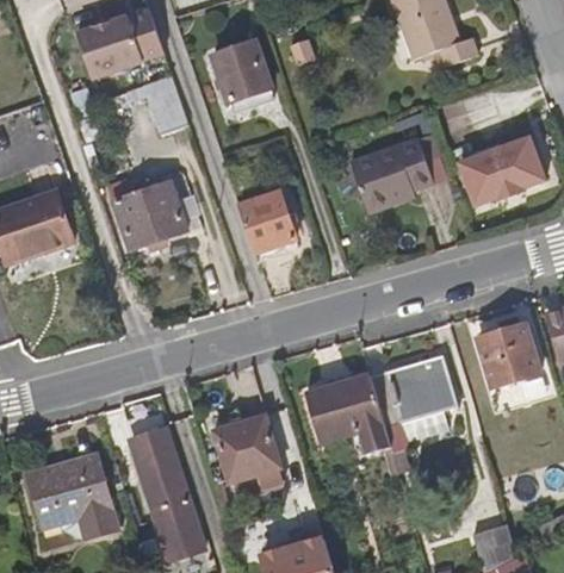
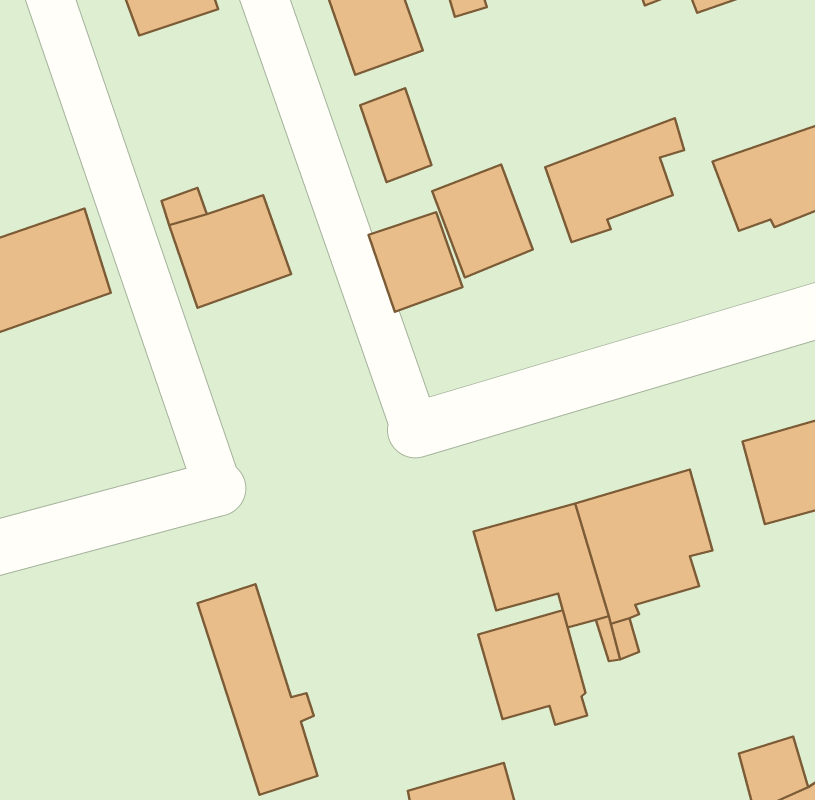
building: [142,74,187,133] -> [360,88,432,182]
building: none -> [432,165,533,277]
building: [212,415,281,487] -> [478,610,587,725]
building: [25,454,117,540] -> none

